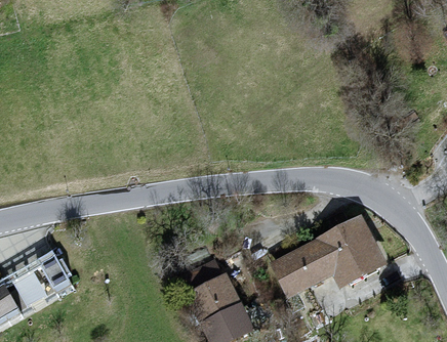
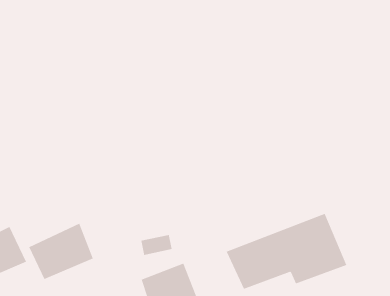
building: none -> [28,223,93,280]

